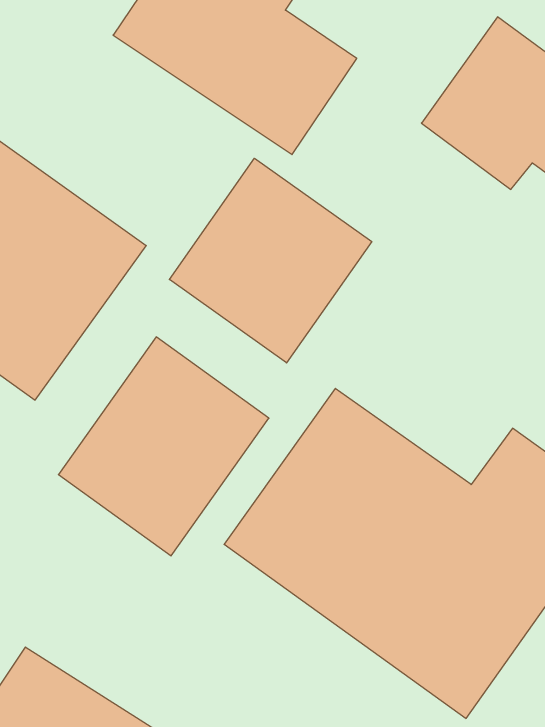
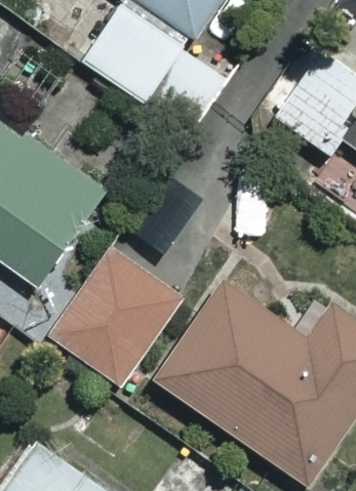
building: [169,158,372,363] -> none

